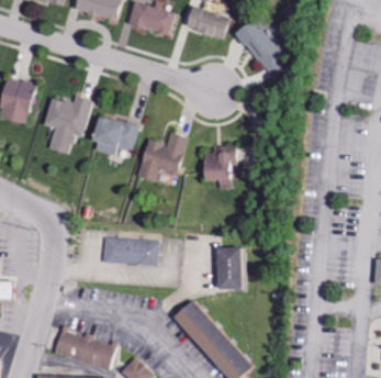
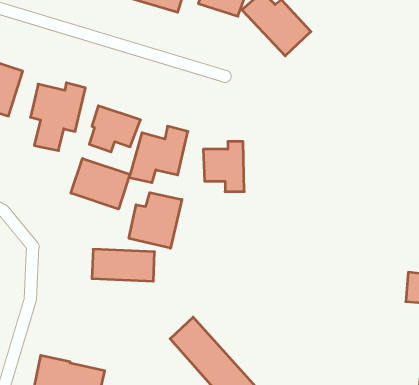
building: none -> [71,158,130,209]
building: none -> [129,193,182,248]
building: [209,247,234,289] -> none

